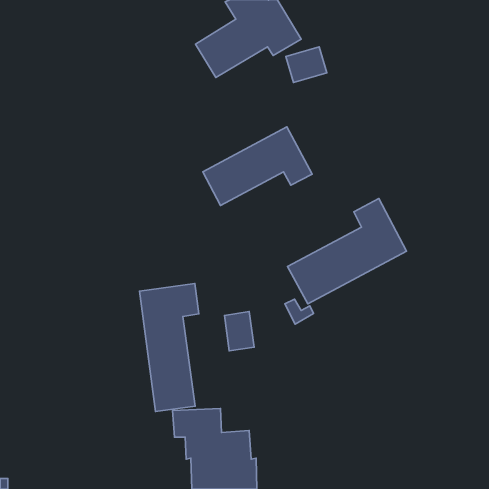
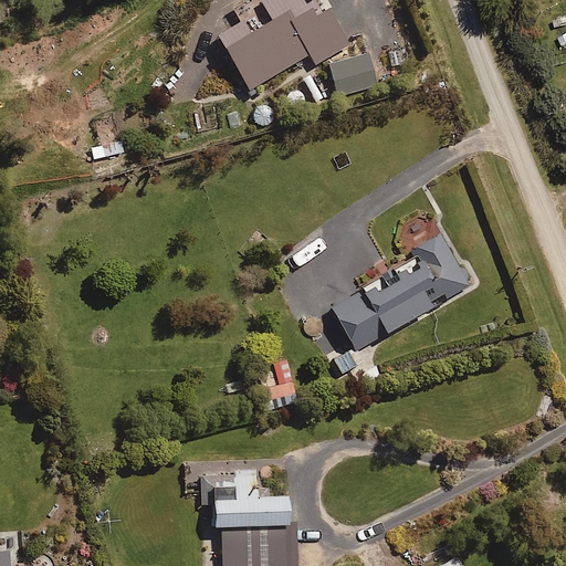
building: [203,127,312,206] -> none
building: [139,283,199,411] -> none

